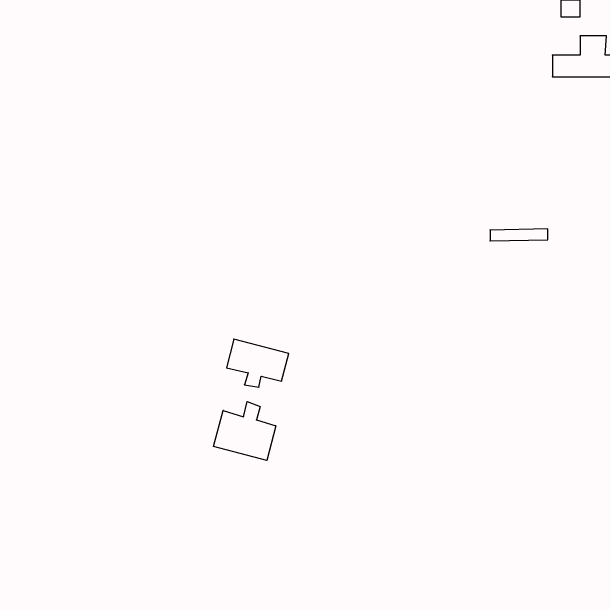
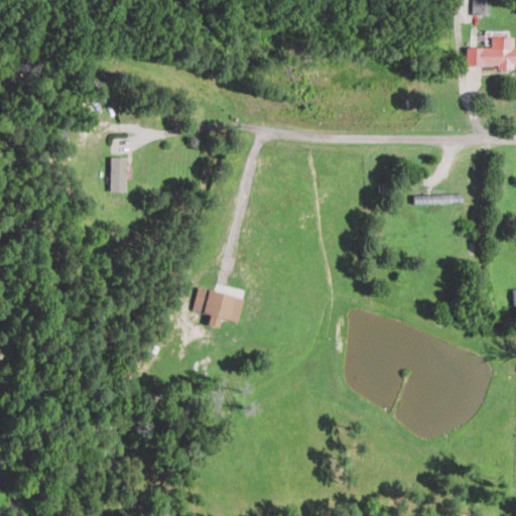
building: none -> [111,157,127,192]
building: [214,402,276,460] -> none

